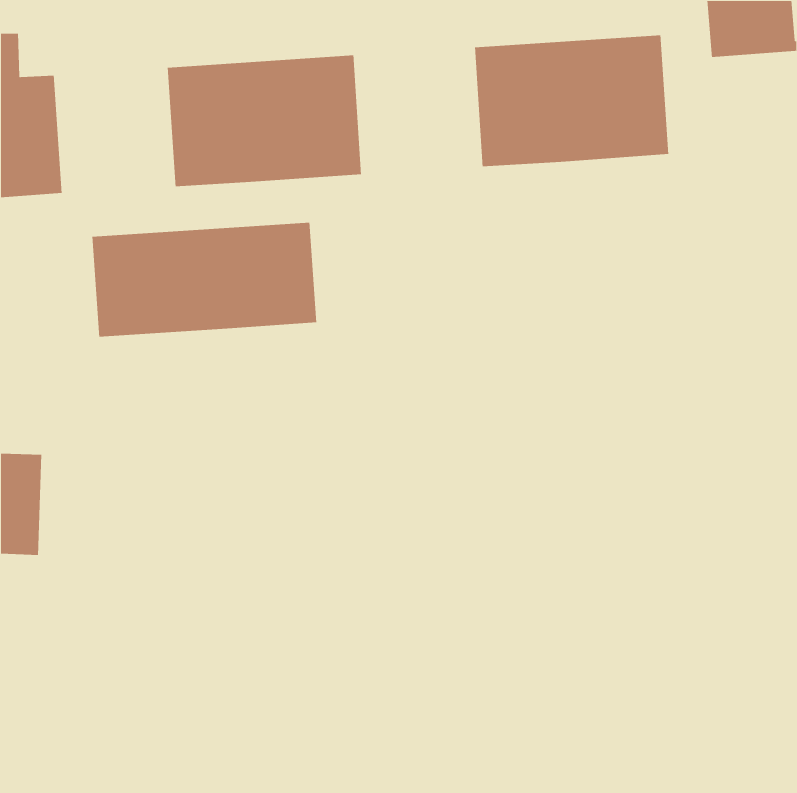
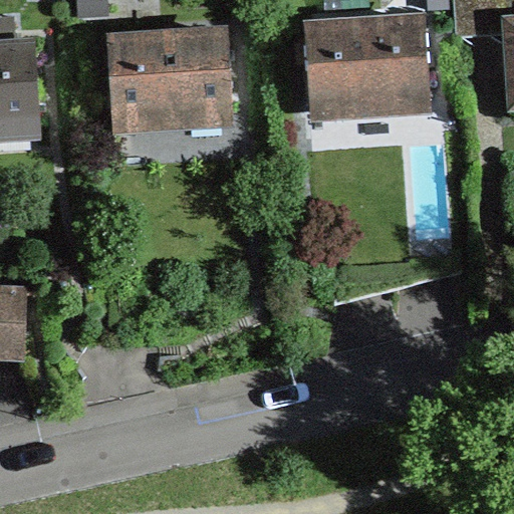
building: [91,222,317,337] -> none

